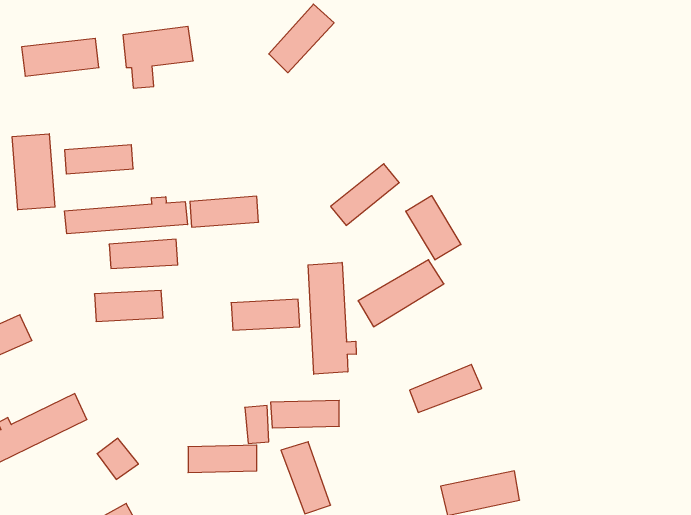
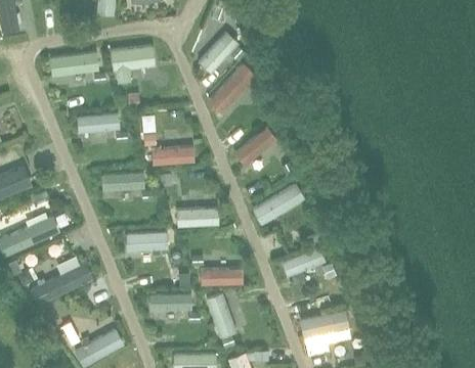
building: none -> [209,65,254,112]
building: [12,134,55,210] -> none
building: [406,196,461,260] -> none
building: [65,197,188,234] -> none
building: [308,262,356,374] -> none
building: [94,290,163,321] -> [127,231,168,249]

